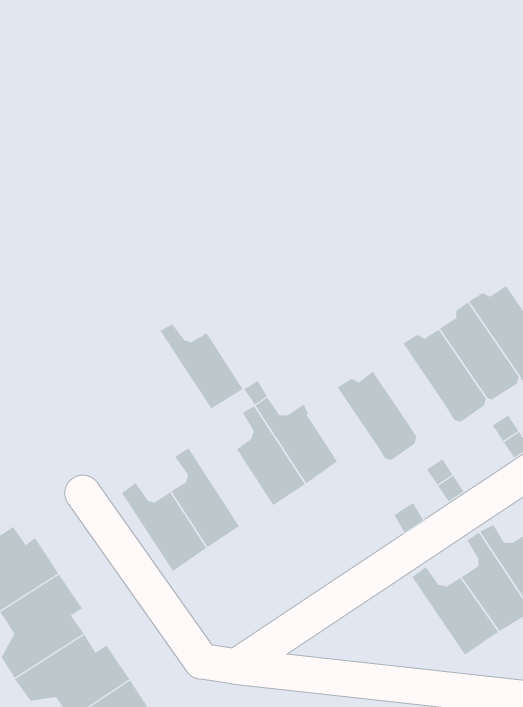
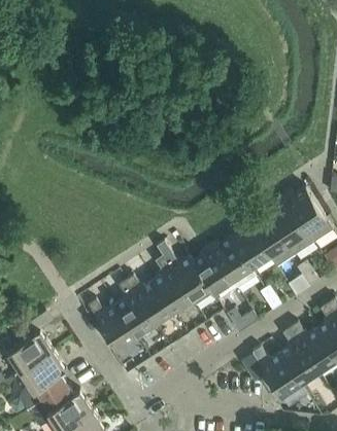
building: [160,323,244,409] -> [127,278,174,326]
building: none -> [231,223,271,271]
building: none -> [194,248,234,296]

